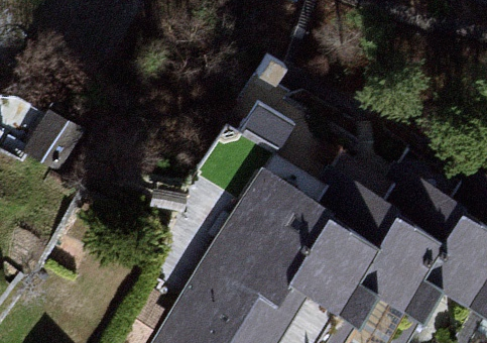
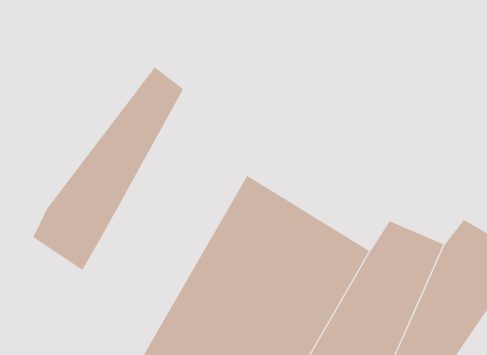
building: none -> [33,66,184,271]

